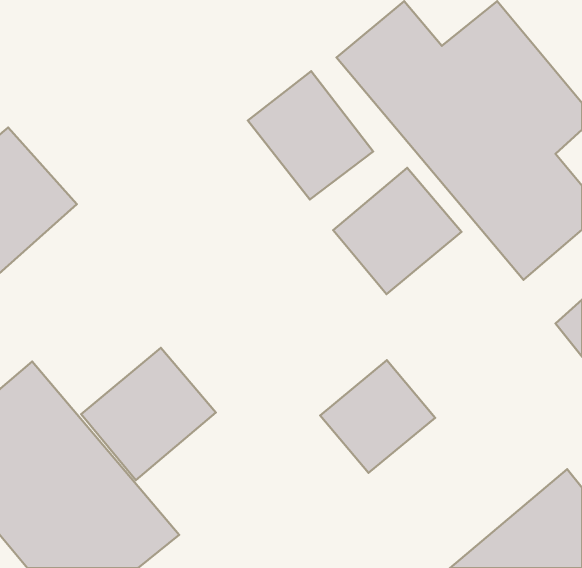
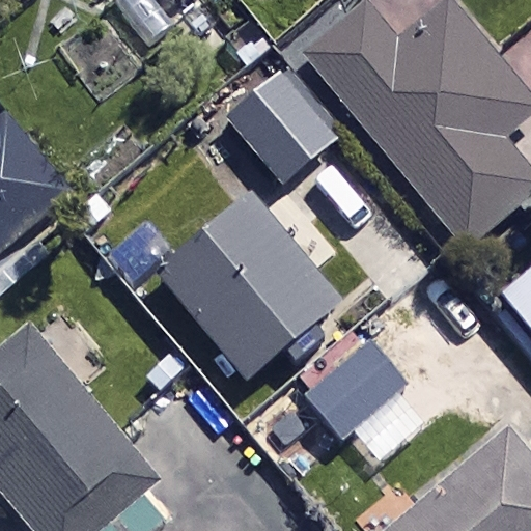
building: [333,168,462,294] -> none
building: none -> [161,195,342,380]
building: [81,348,216,480] -> none

